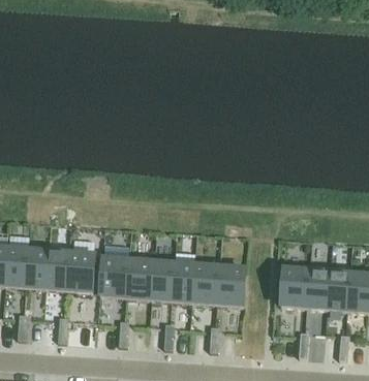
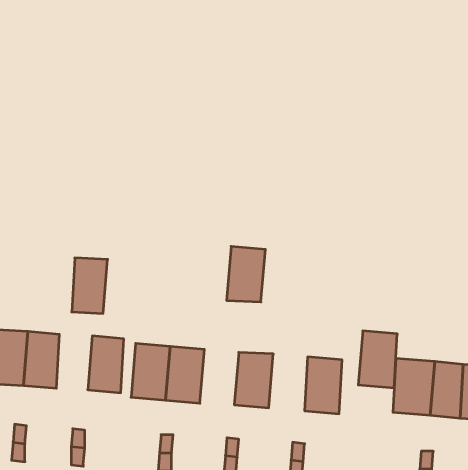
building: [48,251,72,289] -> [72,258,108,313]
building: [147,261,174,299] -> [227,246,265,302]
building: [194,264,221,304] -> [358,331,397,388]

